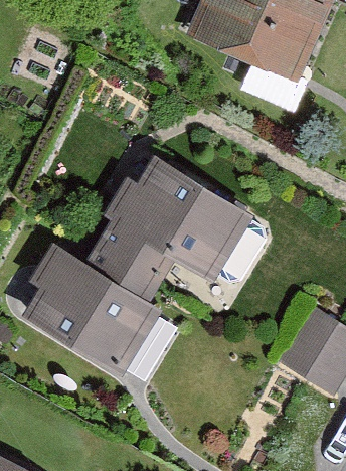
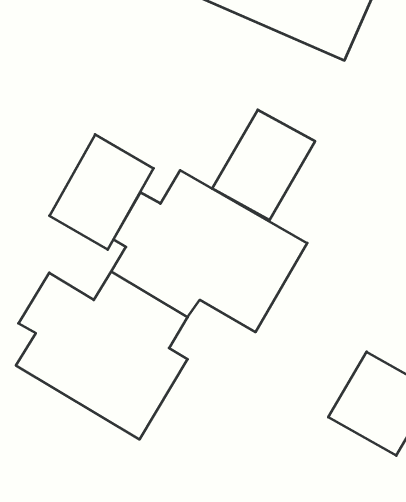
building: none -> [212,110,315,220]
building: none -> [49,134,154,250]

